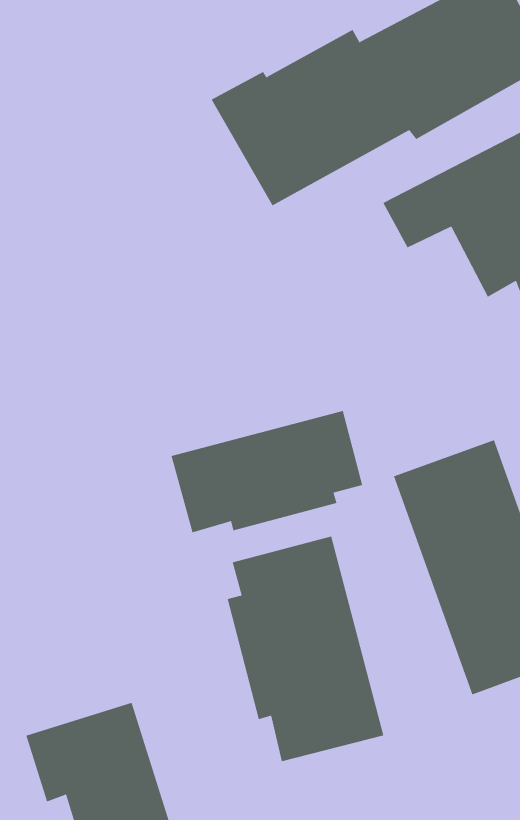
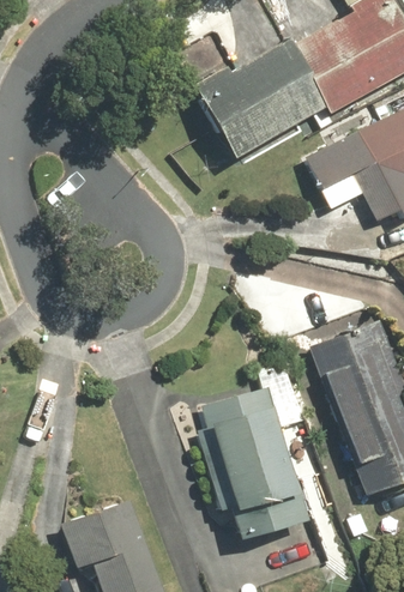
building: [171,410,363,533] -> none

